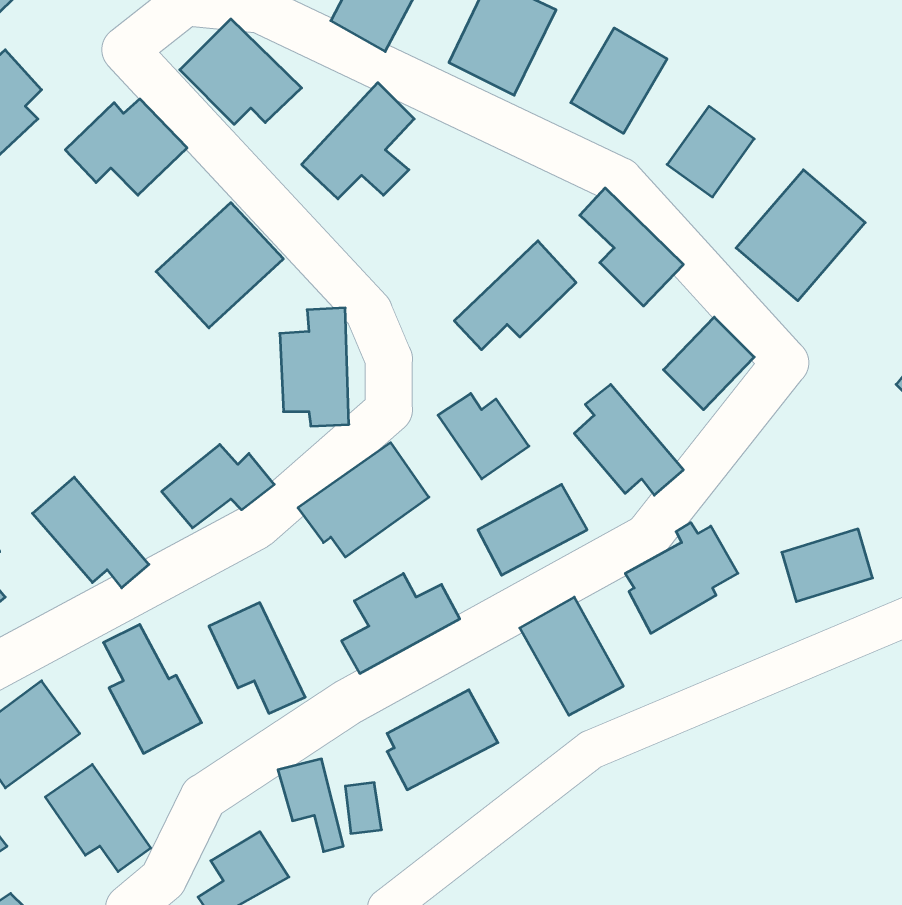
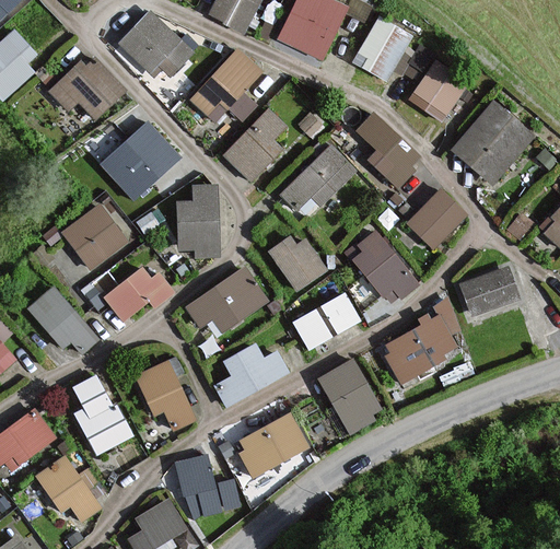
building: none -> [223,110,283,179]
building: none -> [66,207,125,267]
building: [782,529,873,602] -> [465,268,520,312]

